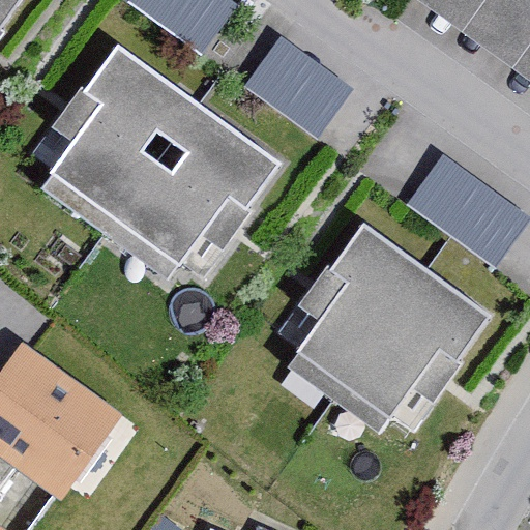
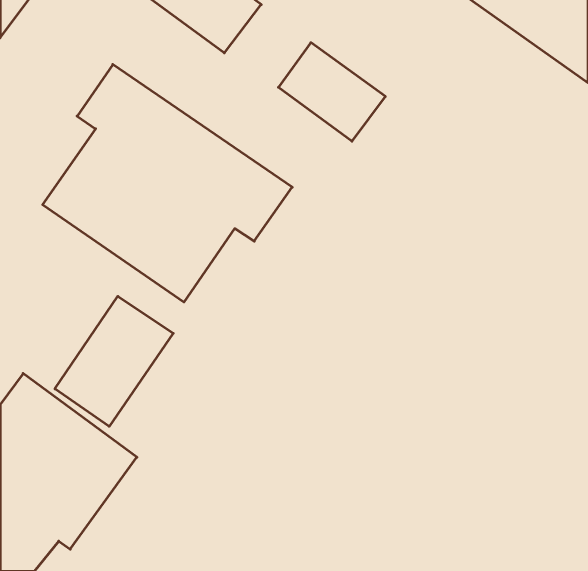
building: [403,154,519,258] -> none
building: [292,237,487,431] -> none
building: none -> [55,296,173,426]

